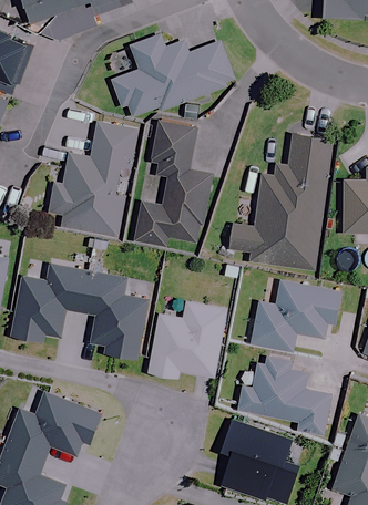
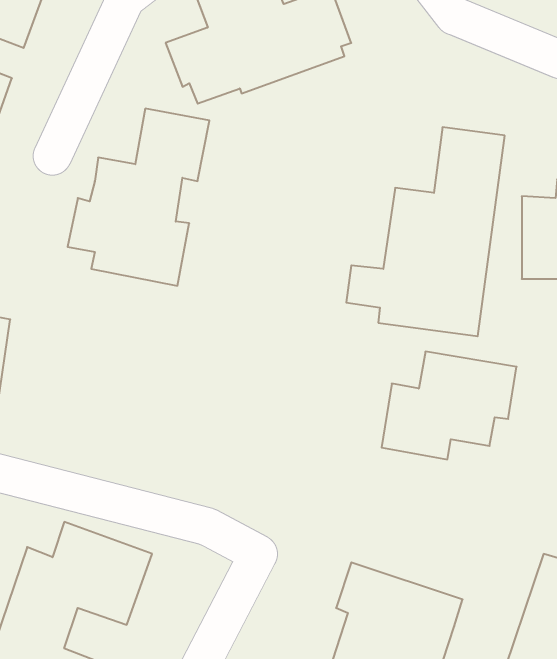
building: [135,120,212,247] -> none
building: [12,264,149,358] -> none
building: [149,298,226,378] -> none
building: [238,355,331,435] -> none

